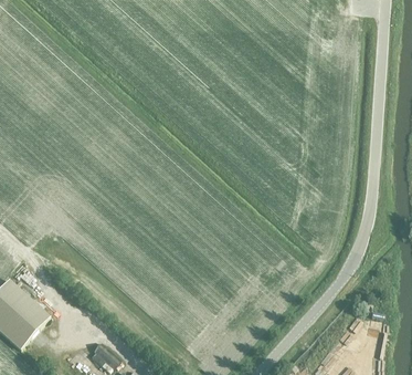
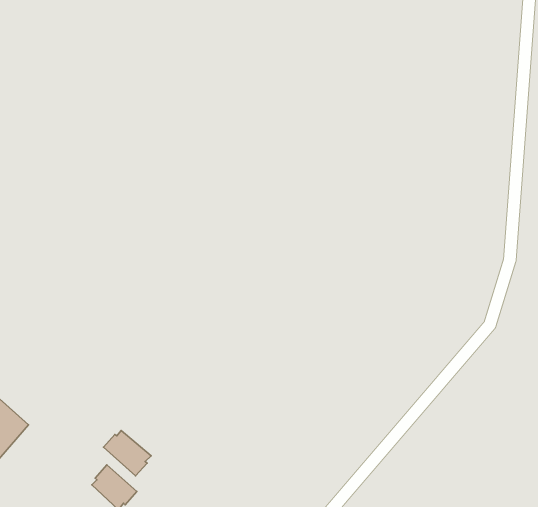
building: none -> [103,431,151,476]

